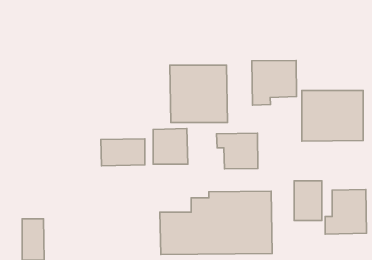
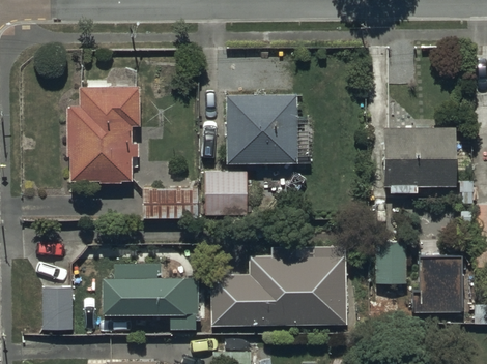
building: none -> [63,89,141,184]
building: [252,60,296,105] -> none
building: [217,133,258,169] -> none
building: none -> [101,262,196,320]

